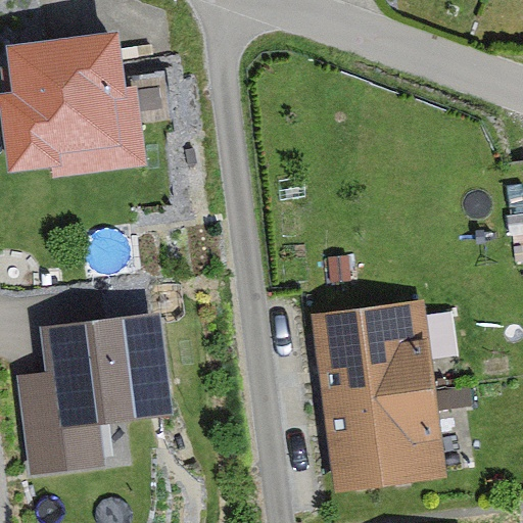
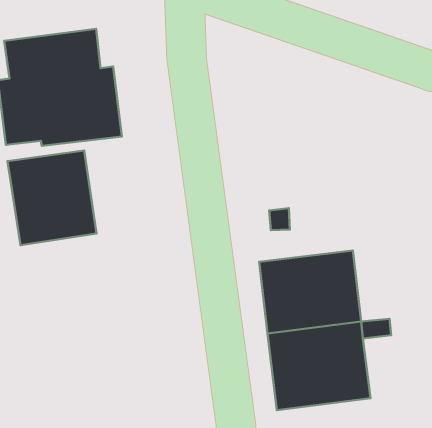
building: none -> [8,150,97,245]
building: [14,313,174,473] -> none

